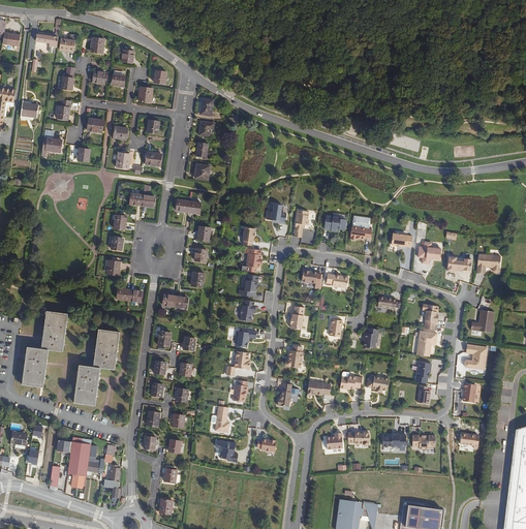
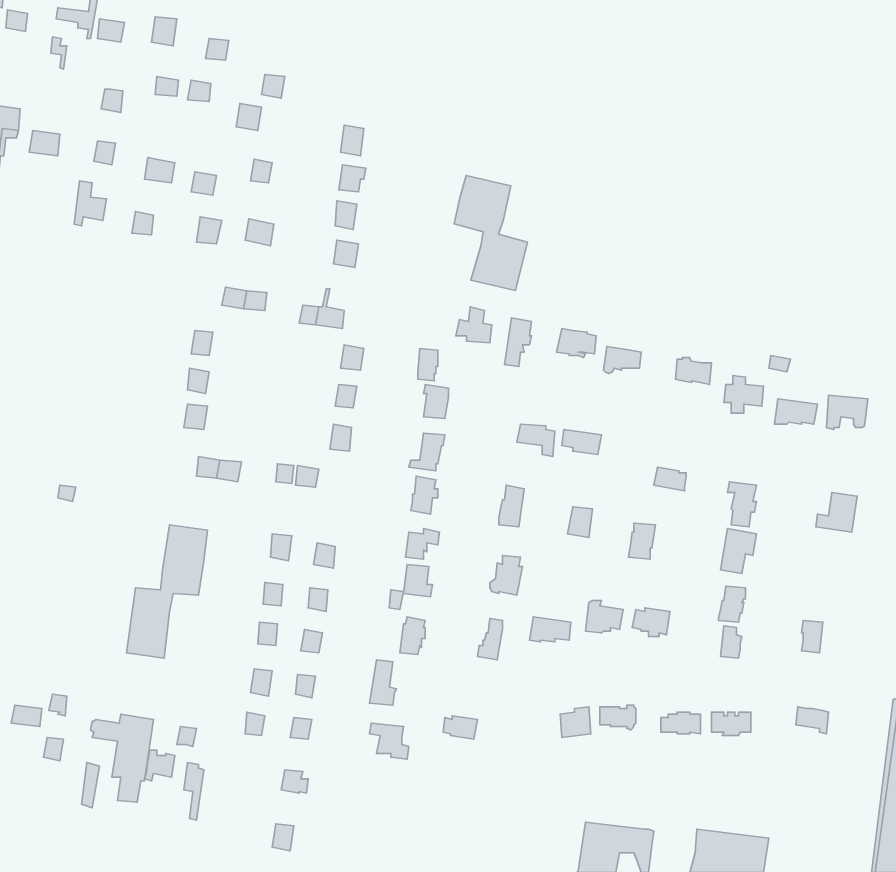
building: none -> [454,175,528,291]
building: [24,309,69,384] -> none
building: [465,344,488,369] -> none

